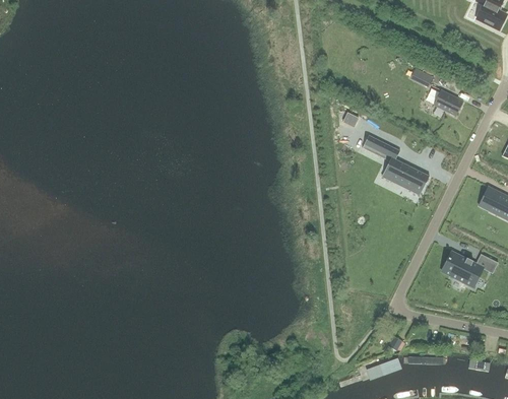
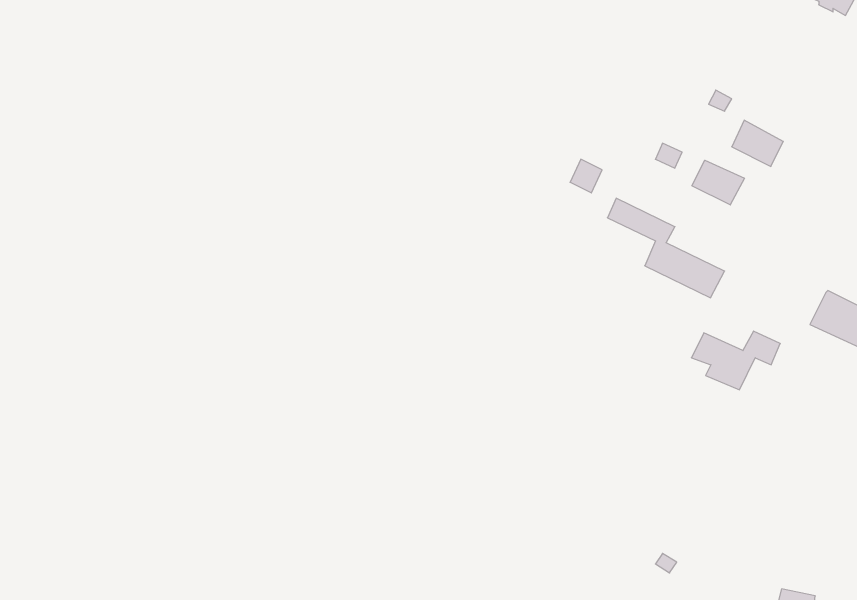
building: none -> [692,160,744,205]
building: [446,256,497,289] -> [691,331,780,390]

